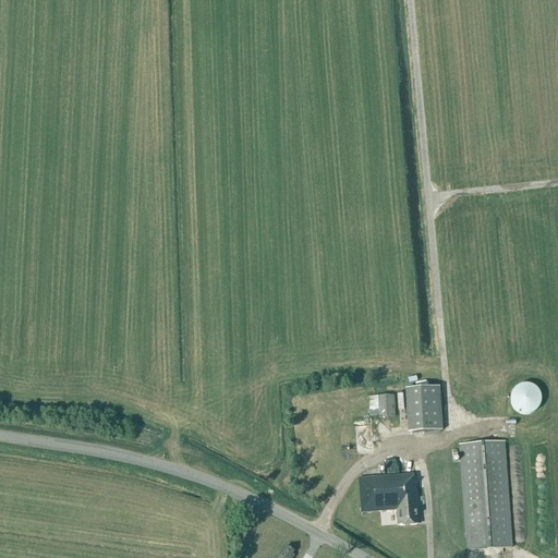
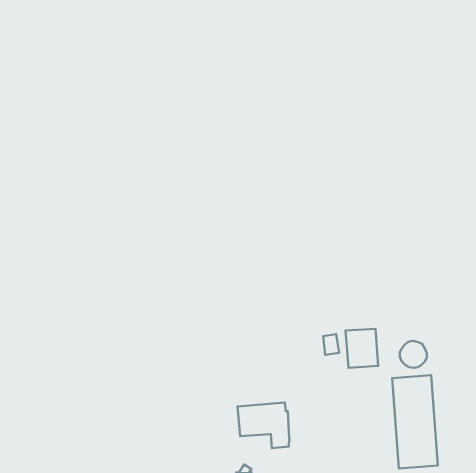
building: [510,381,542,413] -> [400,341,427,368]
building: [357,471,418,524] -> [237,403,290,448]

